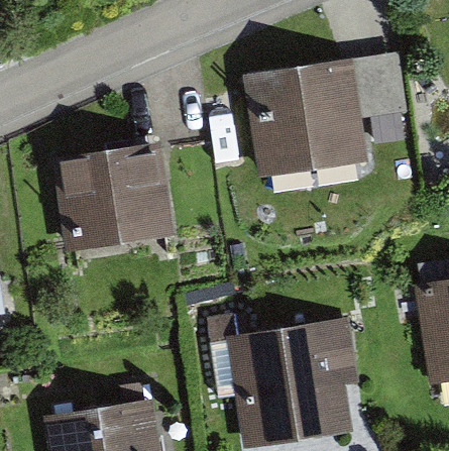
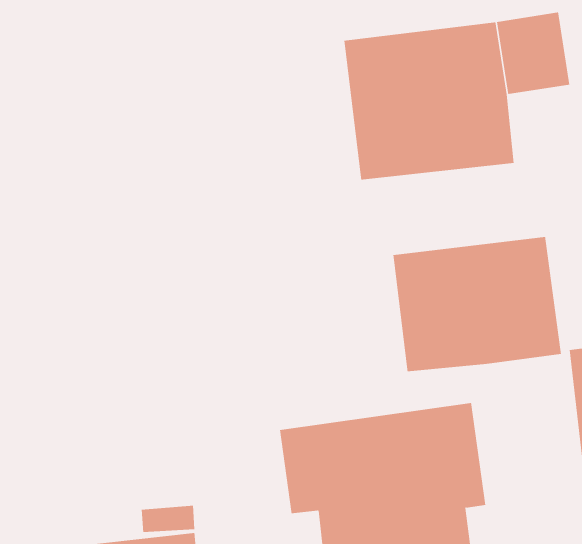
building: [54,153,173,257] -> none
building: none -> [393,236,562,372]

